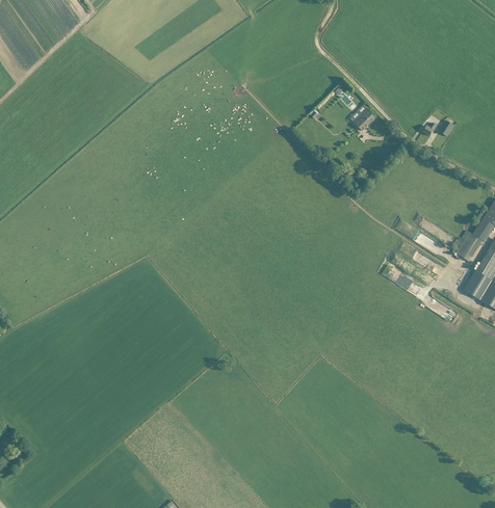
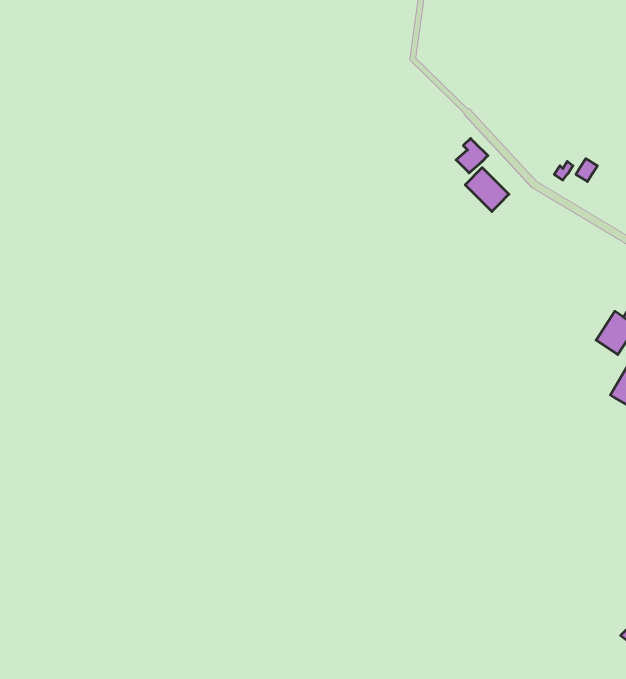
building: none -> [465,168,509,212]

